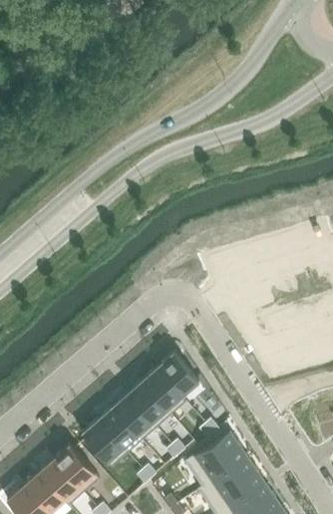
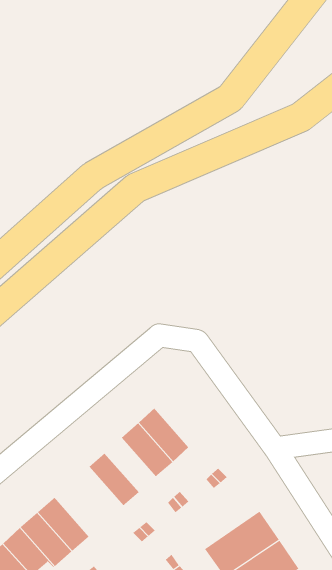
building: [156,351,200,401] -> none
building: [113,393,157,440] -> none
building: [82,418,129,467] -> none
building: [187,431,248,489] -> none

